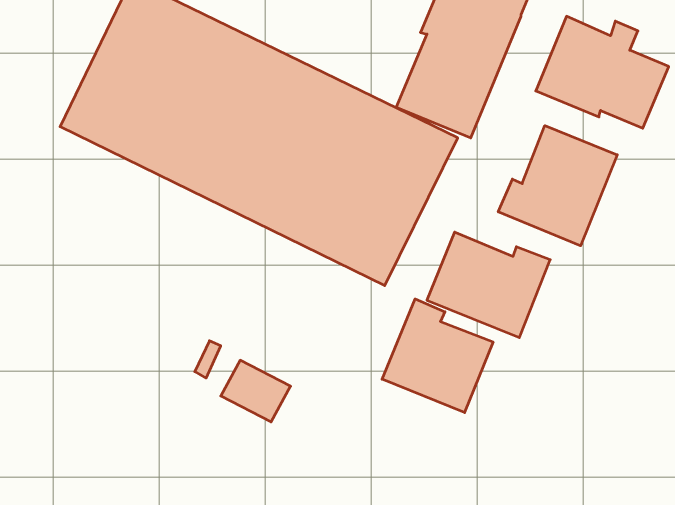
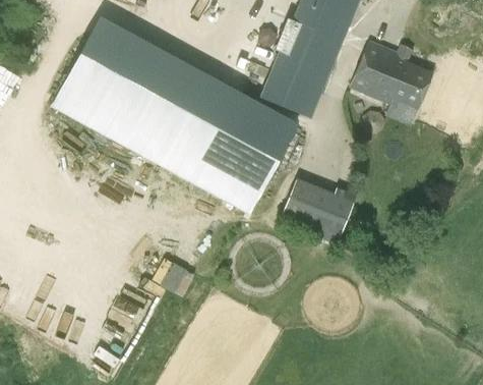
building: [498,126,617,246] -> none
building: [382,299,493,413] -> none

